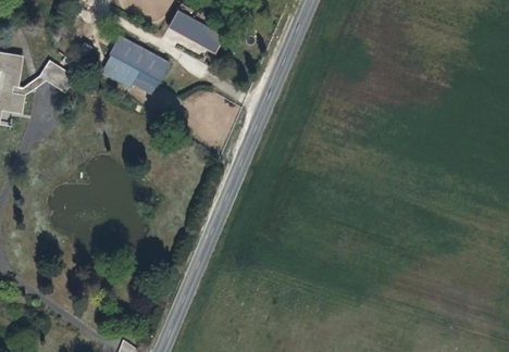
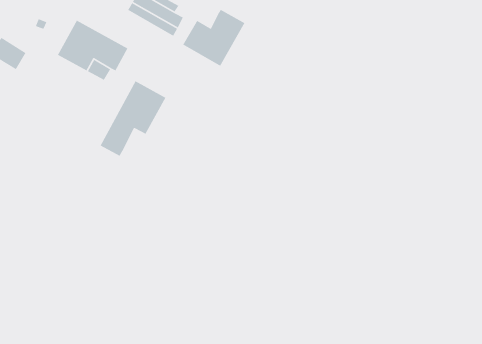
building: none -> [182,9,245,67]
building: none -> [99,80,167,157]

